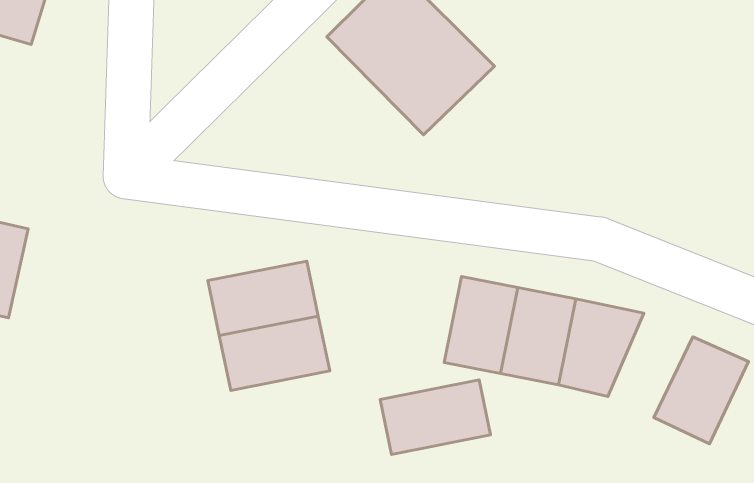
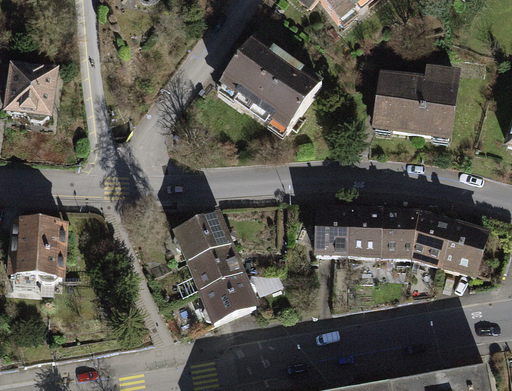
building: none -> [373,67,453,131]
building: none -> [416,209,460,269]
building: [380,380,491,454] -> [195,273,263,325]

